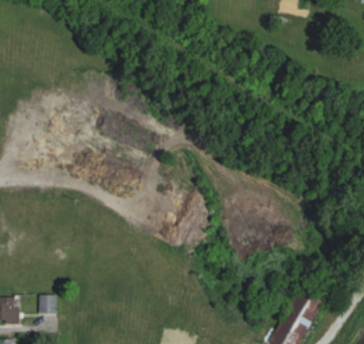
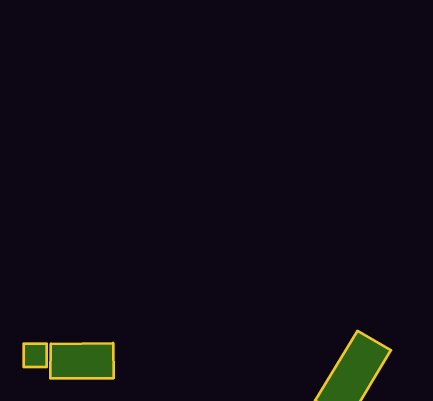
building: none -> [50,343,113,378]

